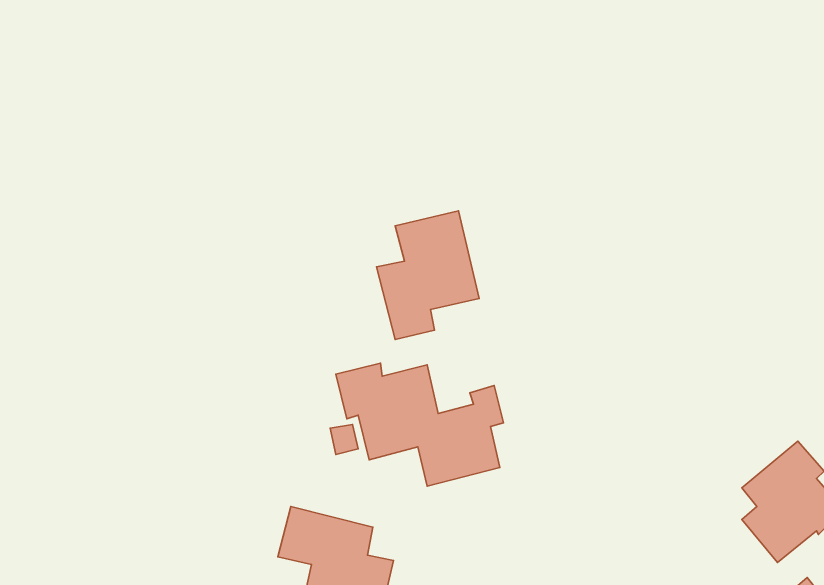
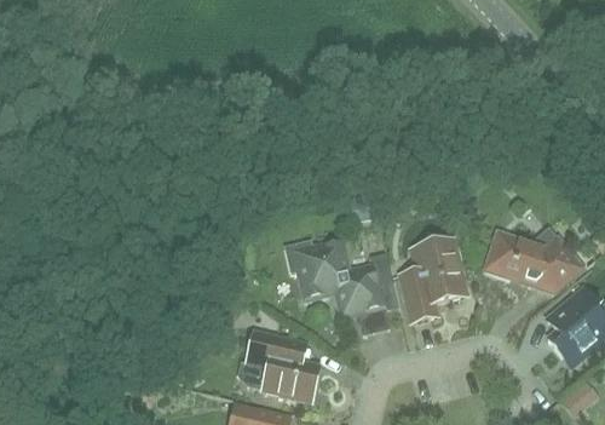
building: [377,211,479,339] -> [398,237,465,321]
building: none -> [488,224,581,288]

